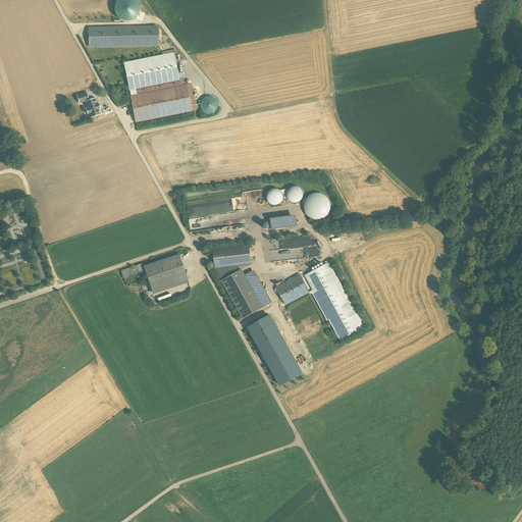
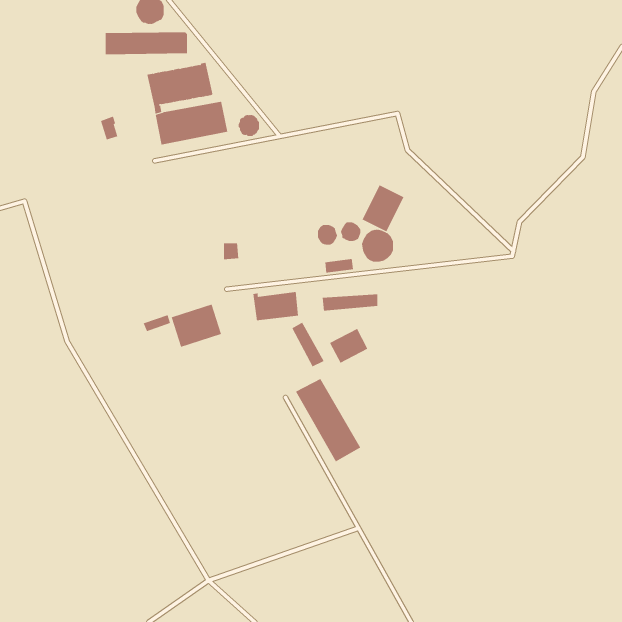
building: none -> [362,185,404,232]
building: [304,262,363,340] -> none
building: [221,269,261,318] -> none

